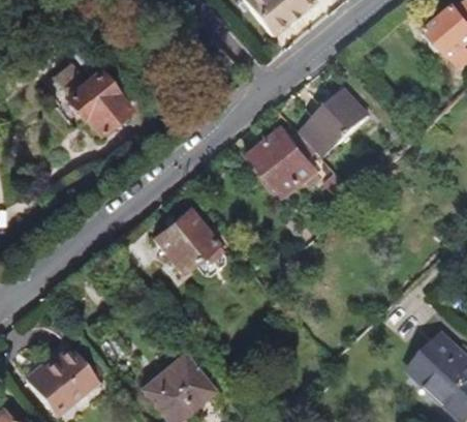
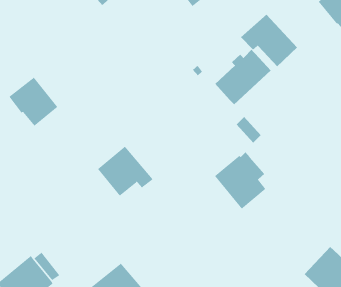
building: none -> [240,14,298,67]
building: [66,71,128,133] -> [9,77,58,127]
building: [254,124,319,197] -> [214,151,266,209]

